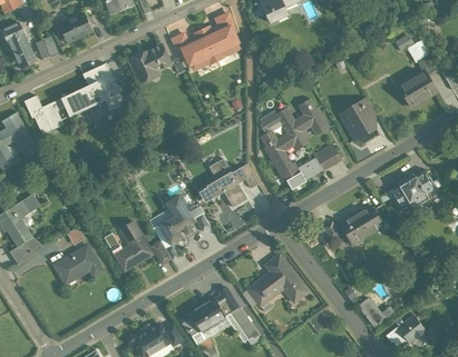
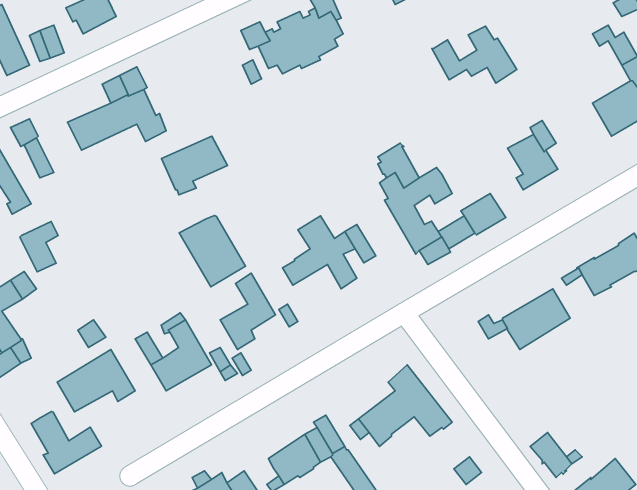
building: [128,44,170,82] -> [162,136,227,195]
building: [40,98,65,130] -> [20,222,58,272]
building: [275,99,330,136] -> [432,26,517,83]
building: none -> [179,215,245,287]
building: none -> [31,411,101,474]

